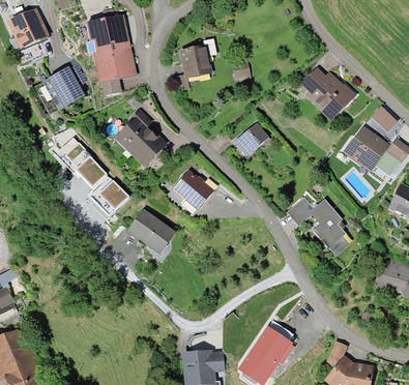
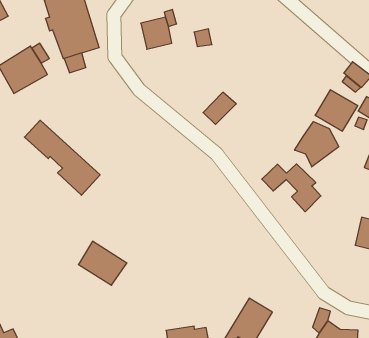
building: [304,71,352,118] -> none
building: [116,112,164,165] -> none
building: none -> [295,122,339,167]
building: [169,172,211,207] -> none
building: [127,211,175,256] -> [78,241,127,285]

